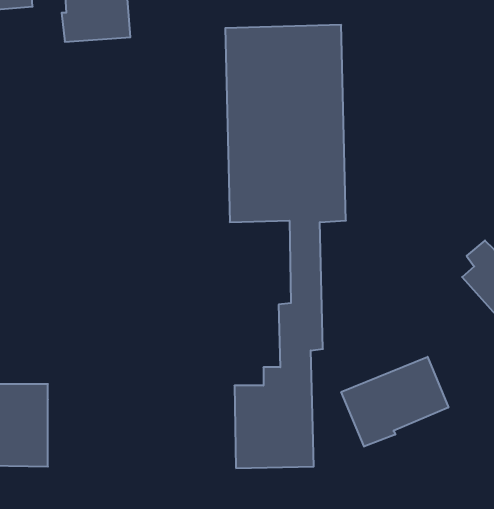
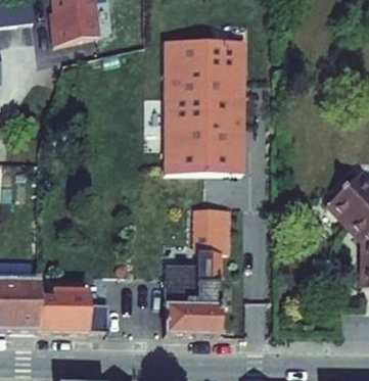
building: [341,357,448,447] -> none
building: none -> [45,284,112,329]

